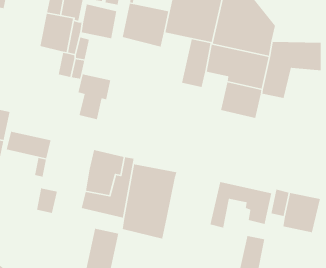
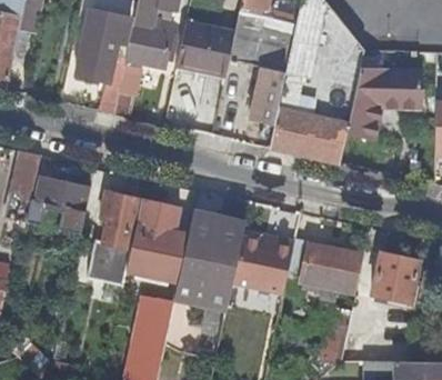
building: none -> [270,107,305,153]
building: [78,74,111,120] -> [101,192,142,249]
building: none -> [232,236,295,292]

